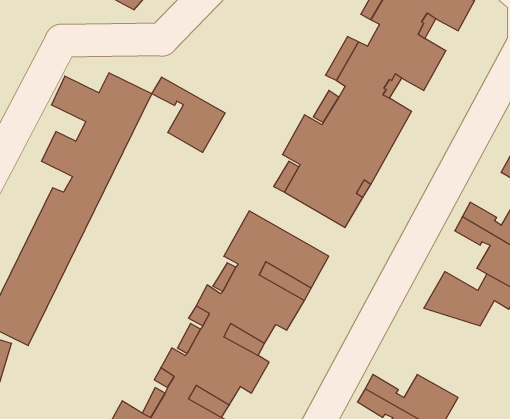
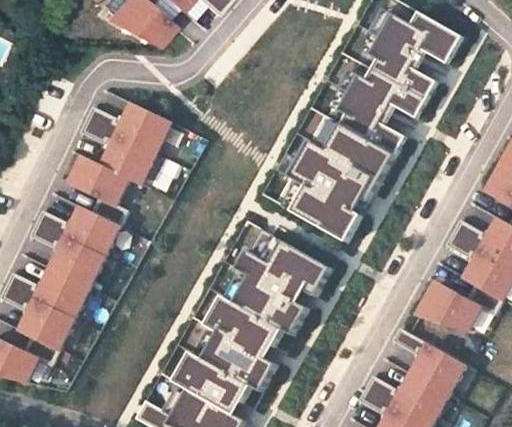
building: [152,77,225,152] -> none
building: none -> [389,327,464,396]

